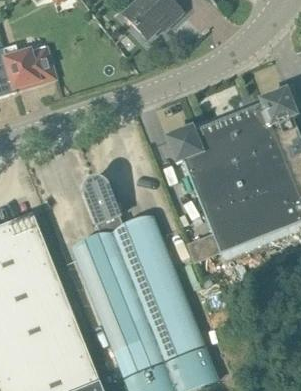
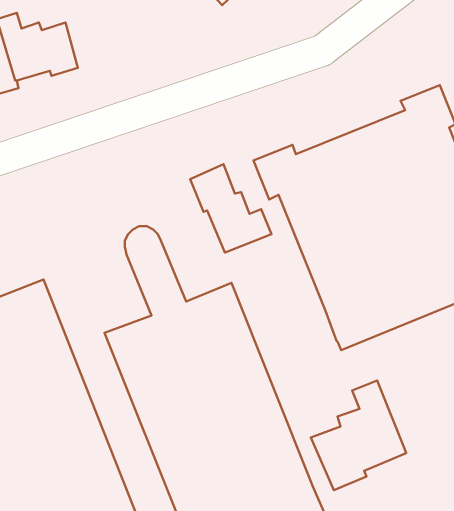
building: none -> [190,164,271,252]
building: none -> [311,380,406,490]

